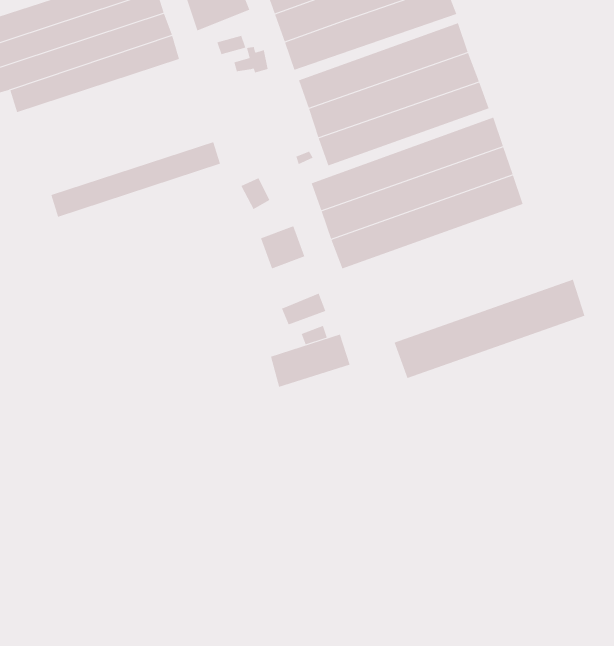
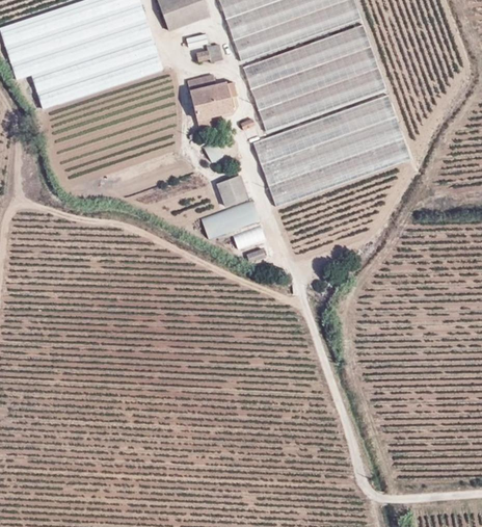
building: none -> [188,74,237,127]
building: [51,141,221,217] -> [36,51,162,107]
building: [394,279,585,379] -> none
building: [270,334,350,387] -> [200,199,260,238]

